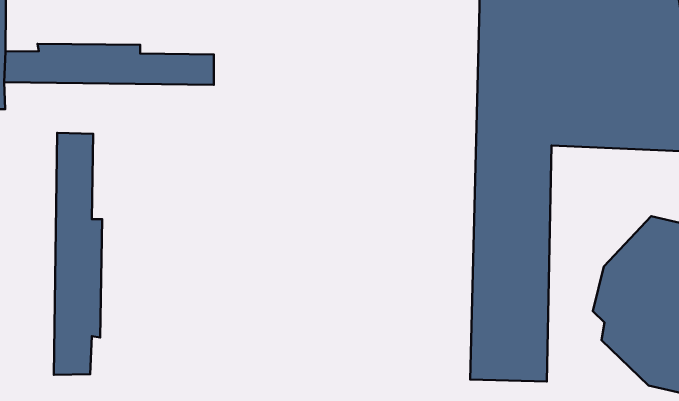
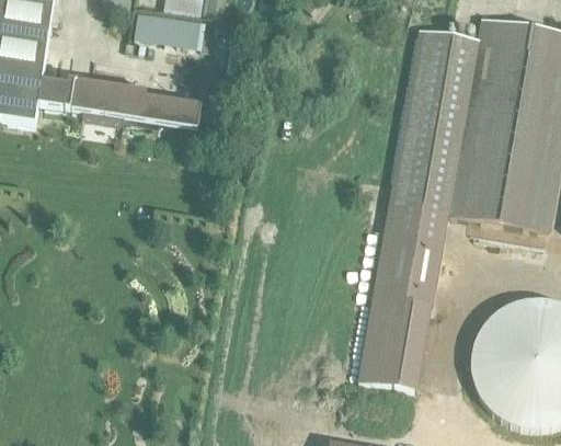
building: [54,133,102,375] -> none

